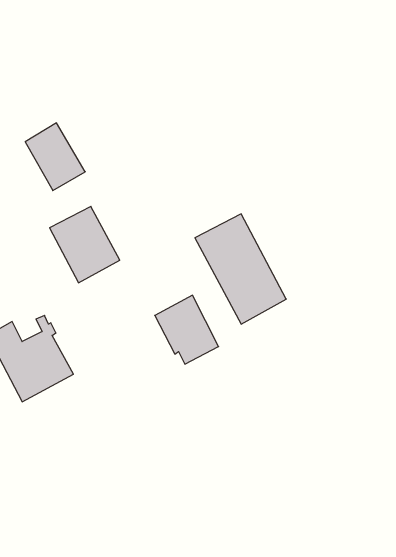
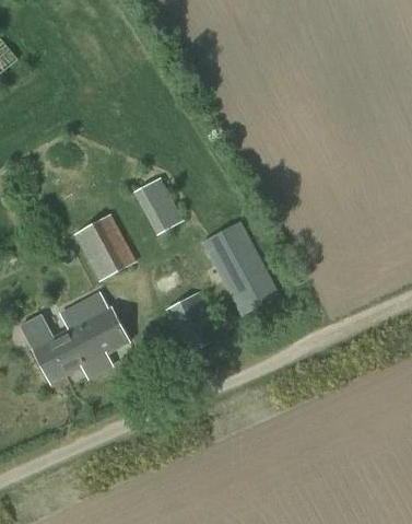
building: [25,123,85,191] -> [133,176,186,235]
building: none -> [70,293,130,361]

